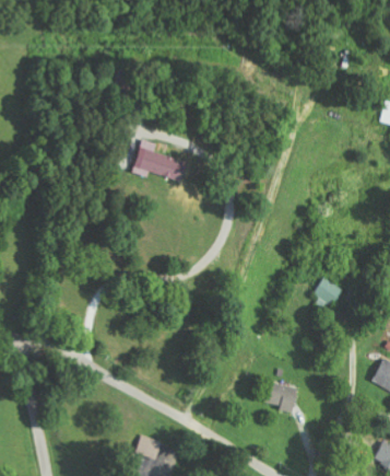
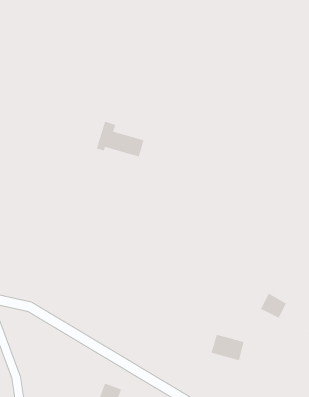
building: [310,277,341,306] -> [260,293,287,319]

